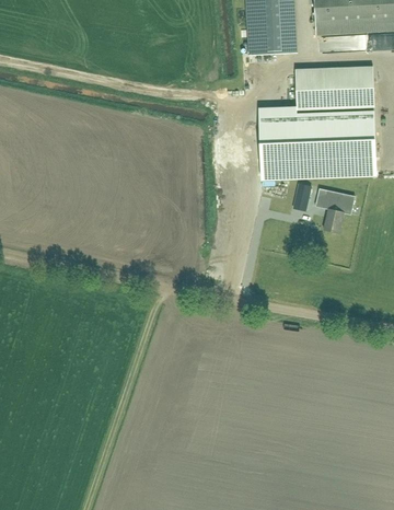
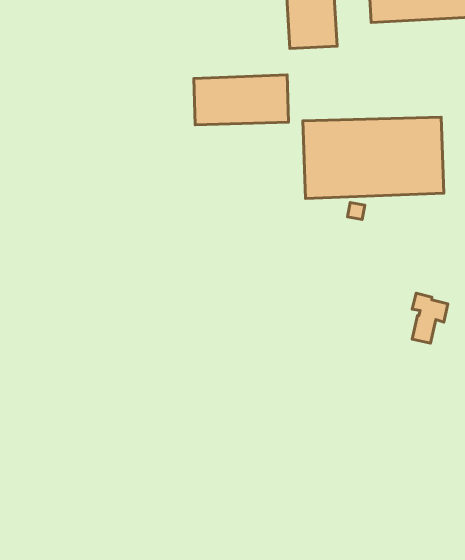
building: [294,67,373,108] -> [194,75,289,125]
building: [323,189,352,231] -> [412,293,448,343]

